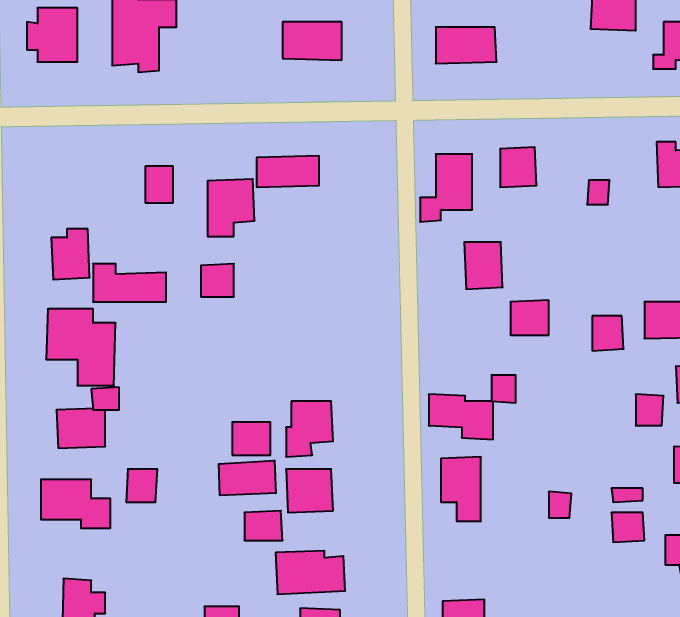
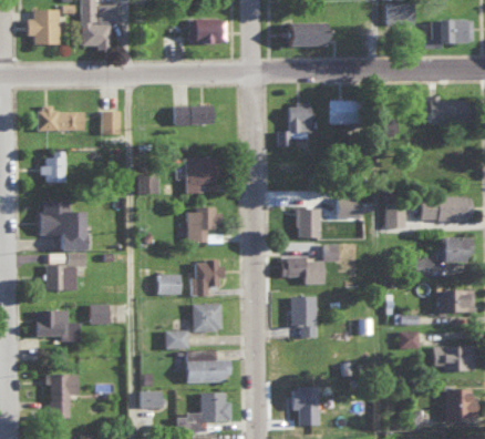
building: [208,179,255,236] -> [186,156,216,193]
building: [464,242,503,289] -> [296,208,320,238]
building: [93,264,166,302] -> [38,105,84,130]
building: none -> [187,206,224,244]
building: [219,460,276,495] -> none

